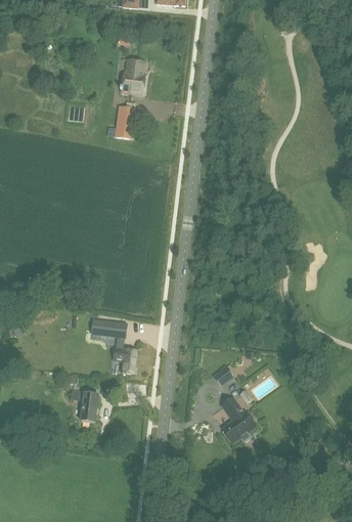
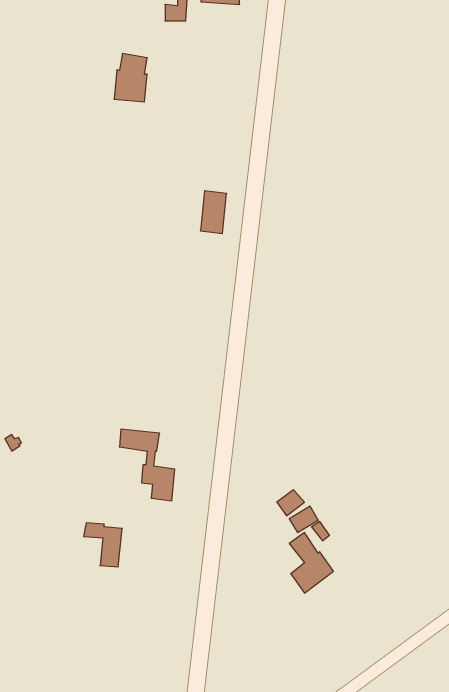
building: [121,57,145,93] -> [114,54,147,102]
building: [115,105,134,137] -> [200,191,227,234]

